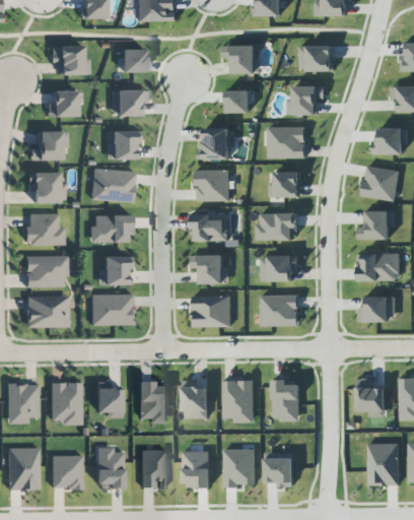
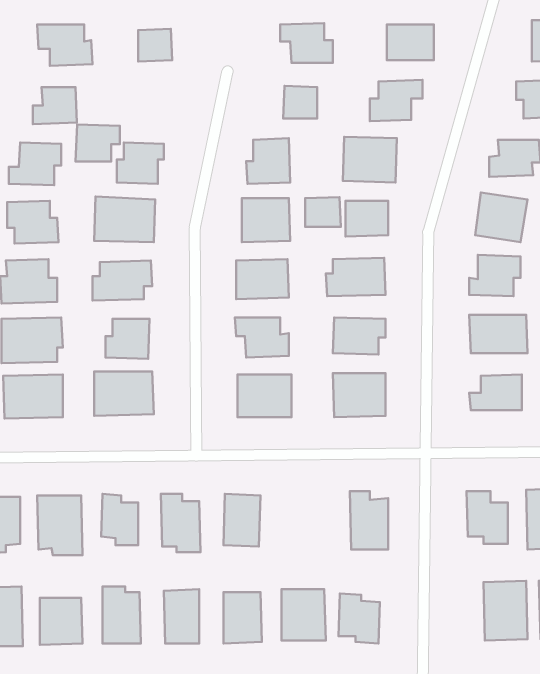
building: [116,89,147,116] -> [76,124,120,161]
building: none -> [305,197,341,227]
building: [223,380,255,422] -> none

